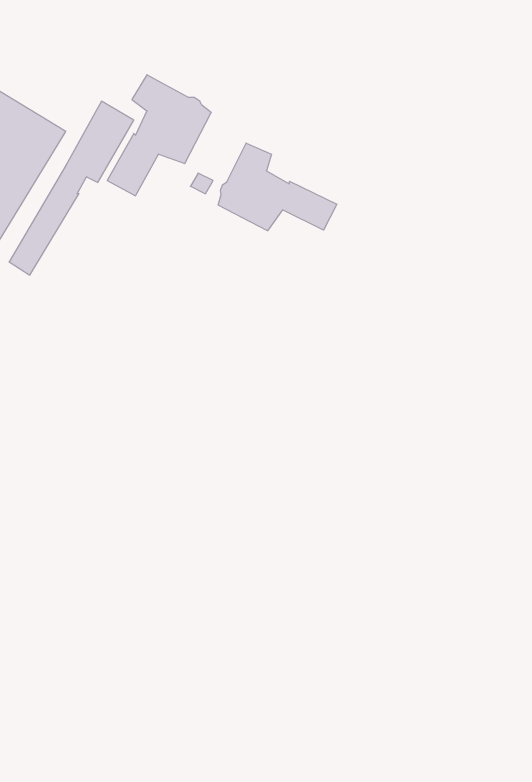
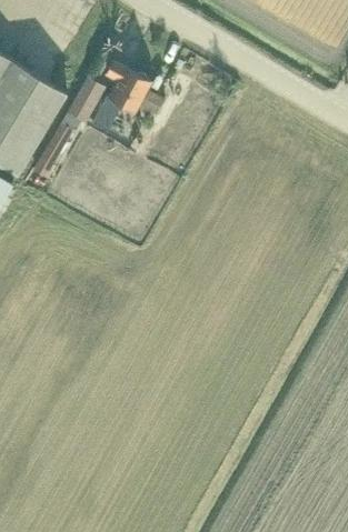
building: [218,143,337,231] -> none

